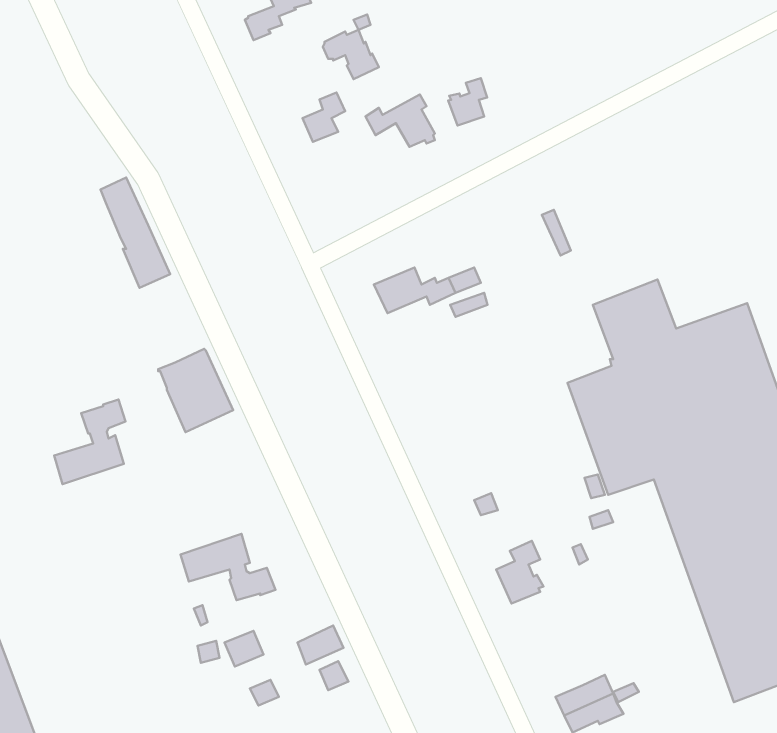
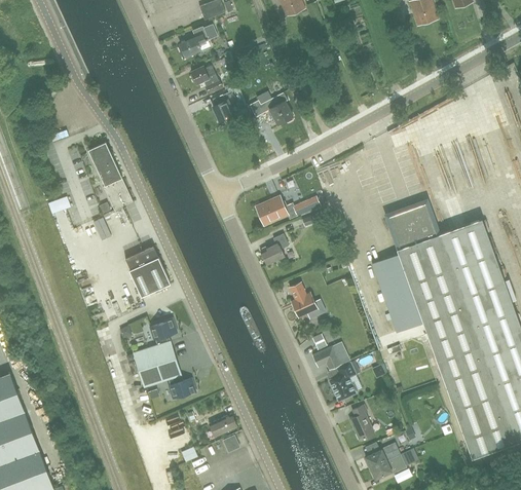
building: [323,30,379,79] -> [189,65,223,95]
building: [448,78,487,125] -> none
building: none -> [260,233,288,265]
building: [54,399,125,484] -> [133,318,176,370]
building: none -> [289,281,318,316]
building: none -> [311,346,340,370]
building: none -> [349,404,374,440]

